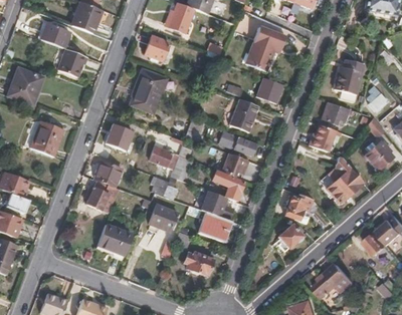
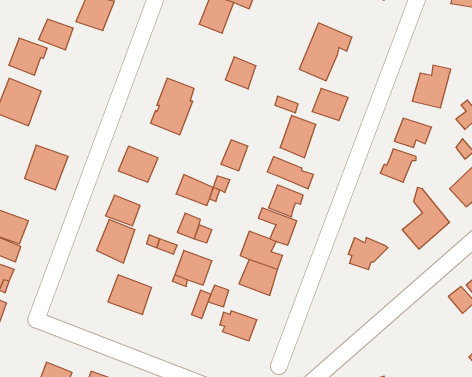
building: [144,35,168,60] -> [225,57,256,89]
building: [56,48,86,77] -> [9,38,47,75]
building: [272,222,303,250] -> none
building: [313,262,350,294] -> none

